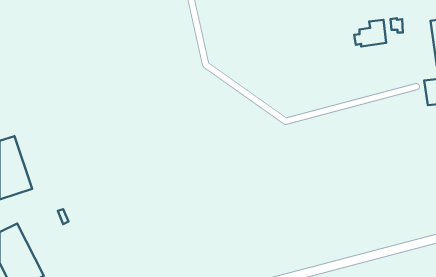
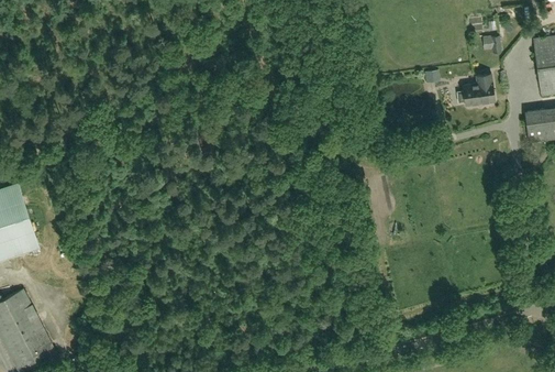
building: [354,20,386,46] -> [456,74,496,107]

